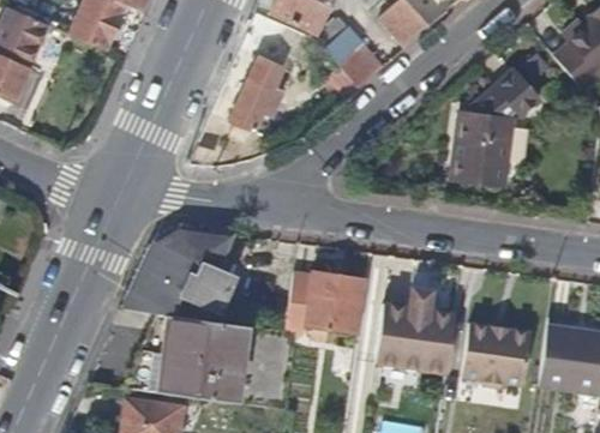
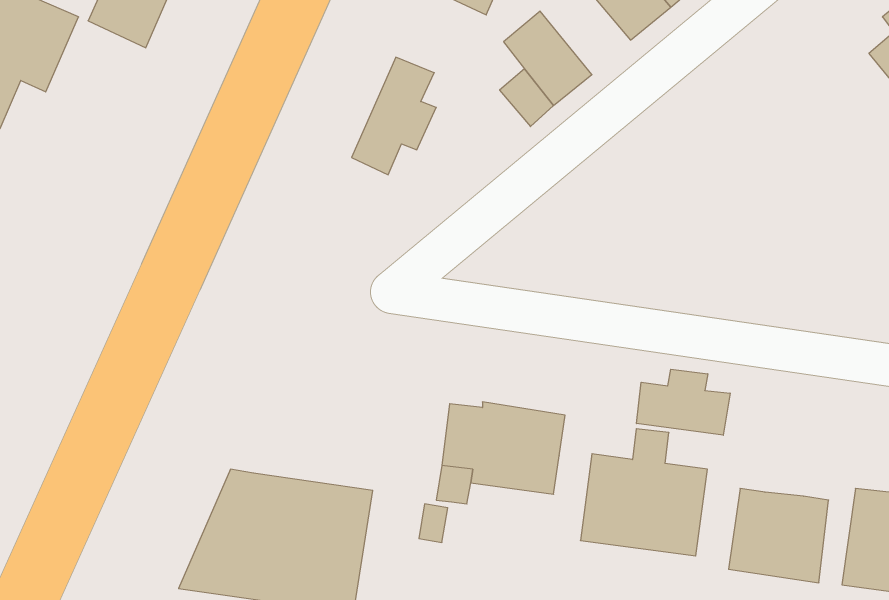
building: [455,70,547,182] -> none
building: [124,227,236,317] -> none
building: none -> [637,369,730,435]

